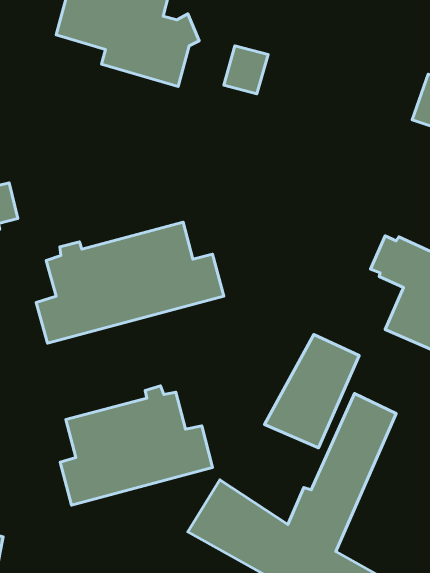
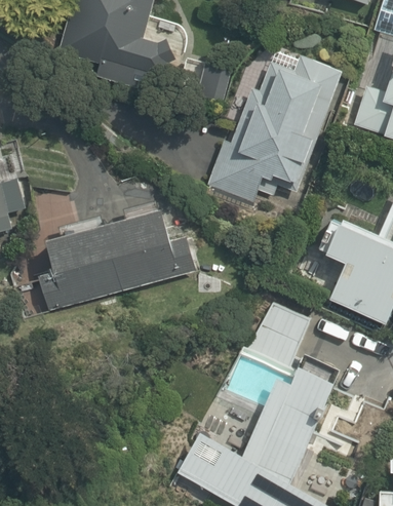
building: none -> [206,52,343,203]
building: [60,386,213,505] -> none

